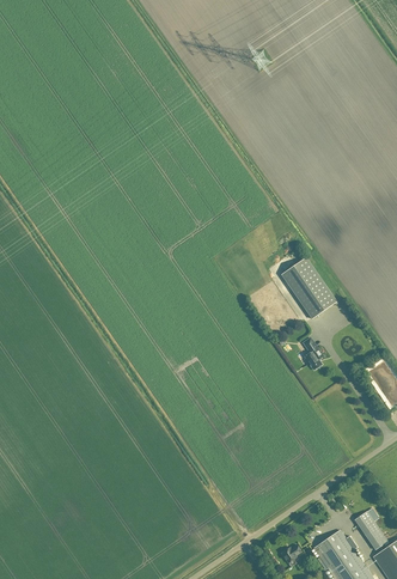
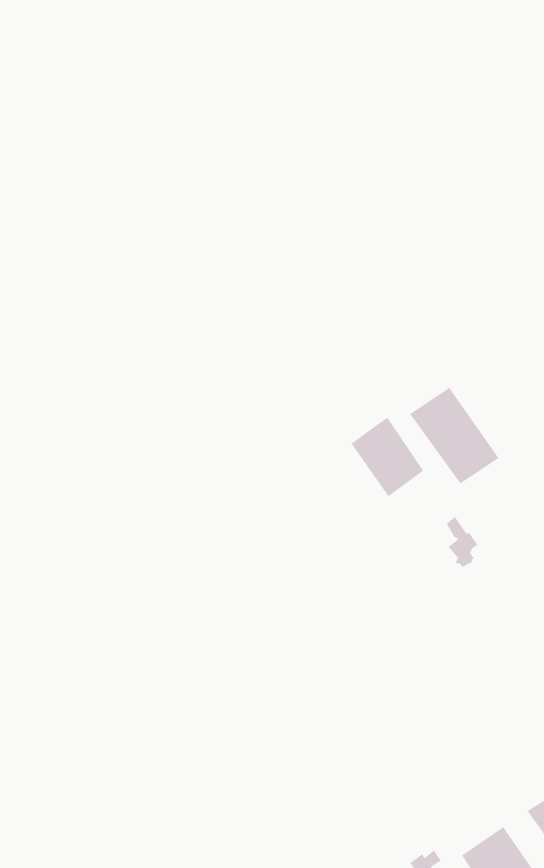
building: none -> [351,417,425,497]

